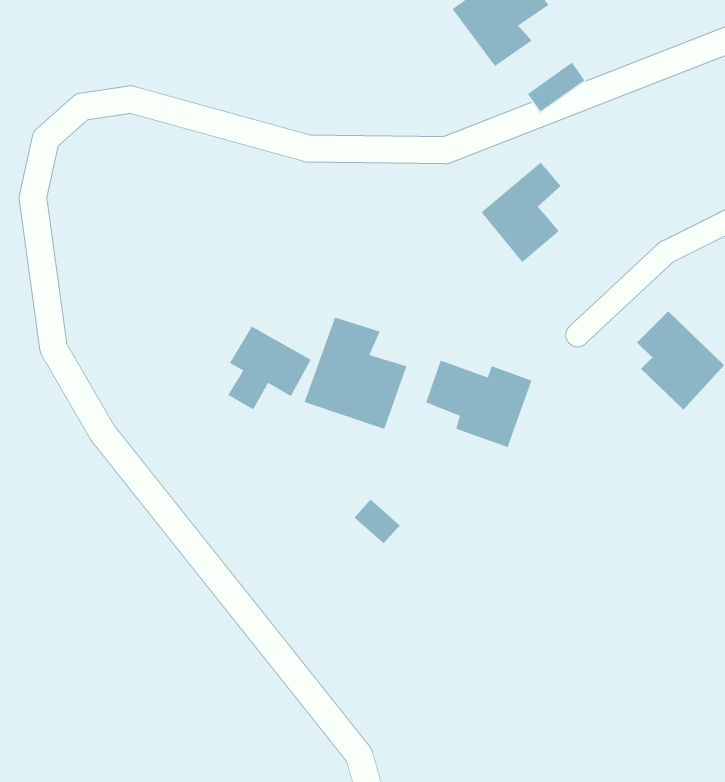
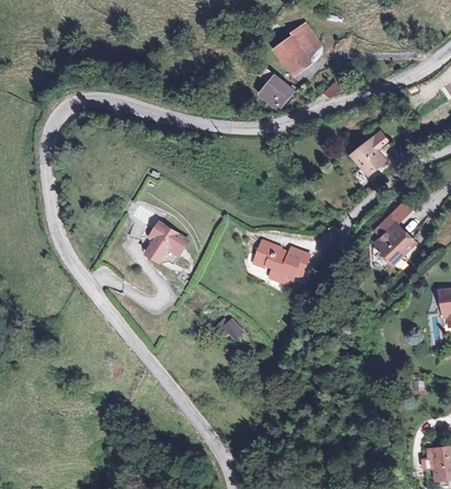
building: none -> [253,72,295,113]
building: [481,161,562,263] -> [346,128,390,184]
building: [303,316,408,430] -> none

